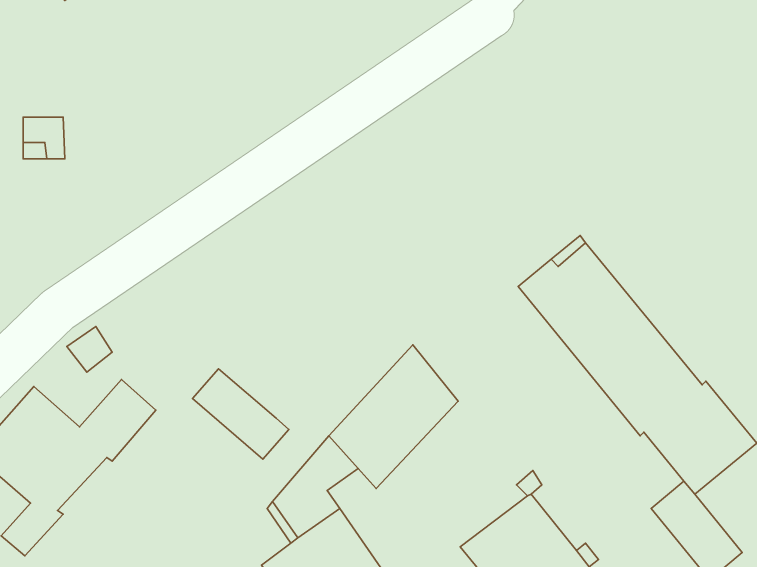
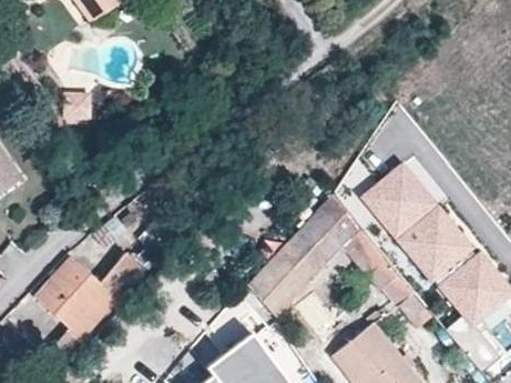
building: none -> [300,195,431,330]
building: [192,369,289,459] -> none

